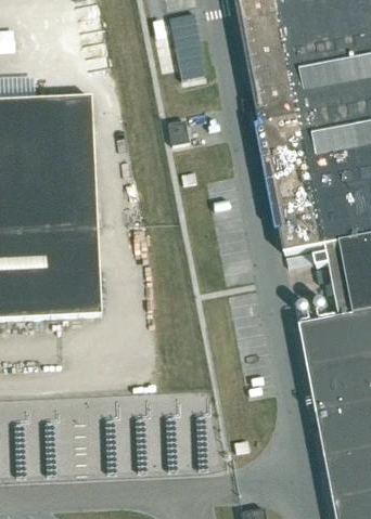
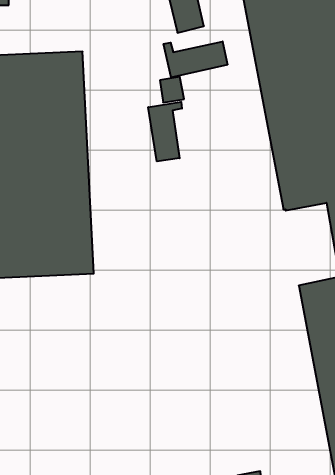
building: none -> [164,41,227,78]
building: none -> [148,102,182,161]

